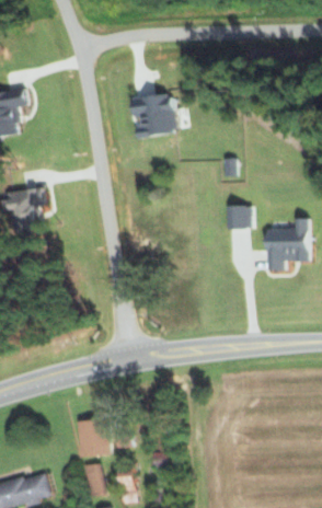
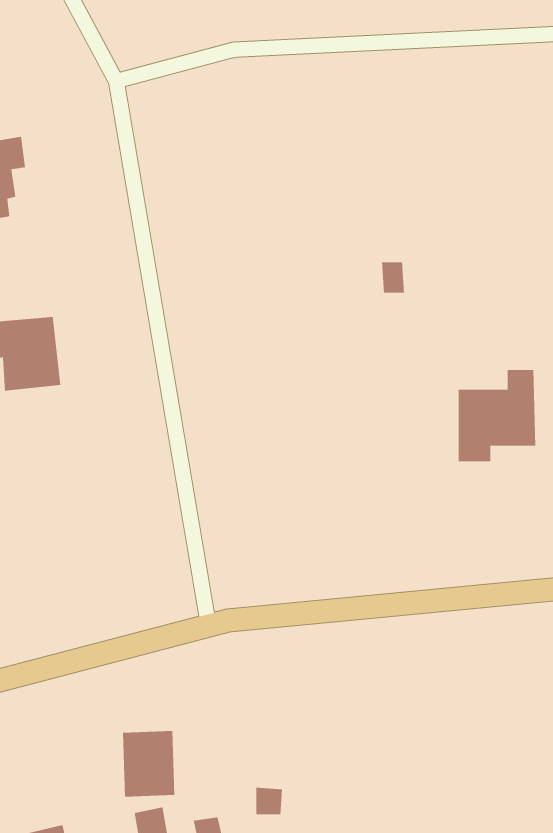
building: [131,93,176,136] -> none
building: [226,205,252,228] -> none

